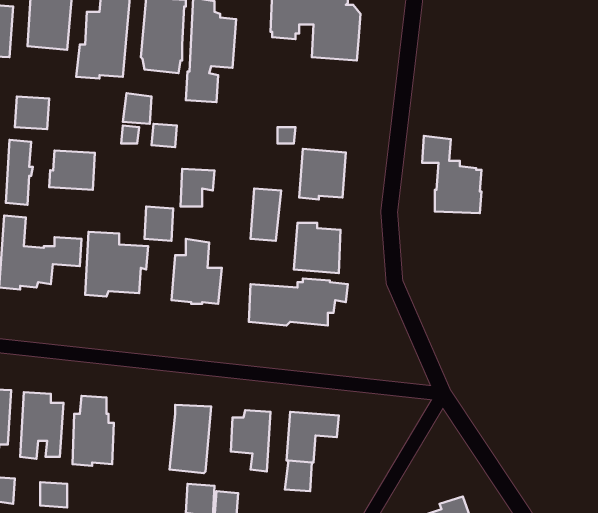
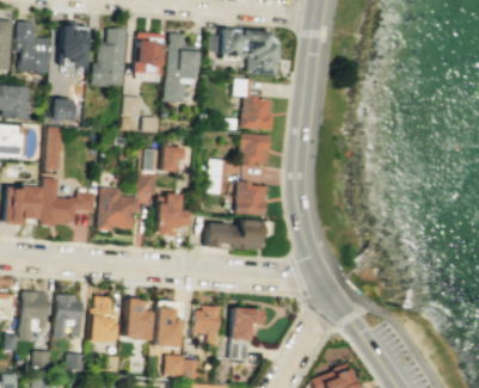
building: [422,136,482,213] -> [234,78,274,129]
building: [49,151,95,190] -> none
building: none -> [124,297,151,340]

